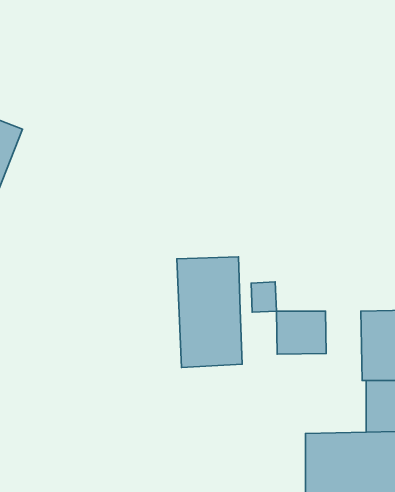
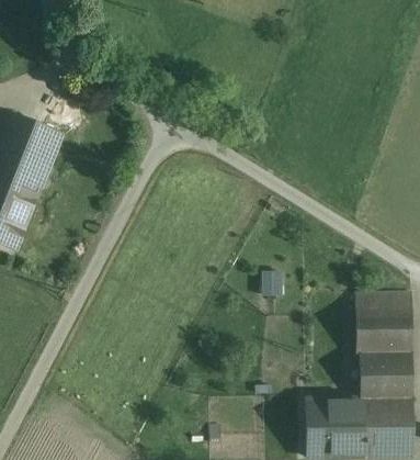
building: [177,257,242,367] -> none
building: [276,311,326,354] -> none

